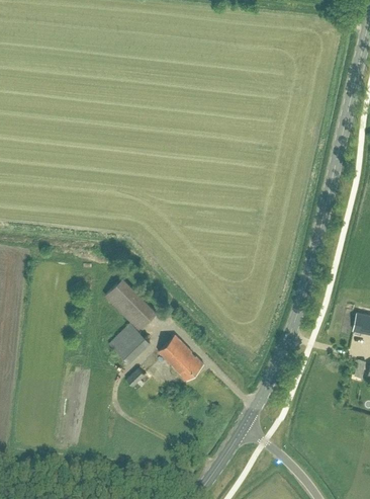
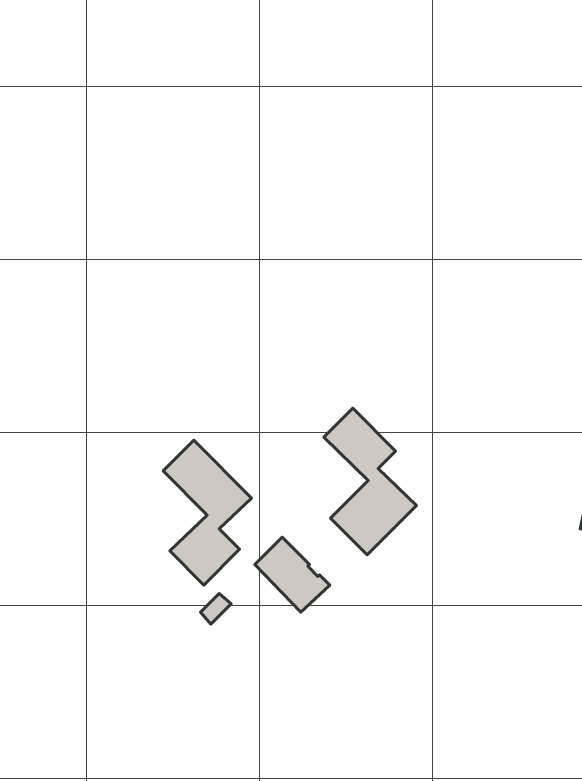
building: none -> [324,408,417,555]

